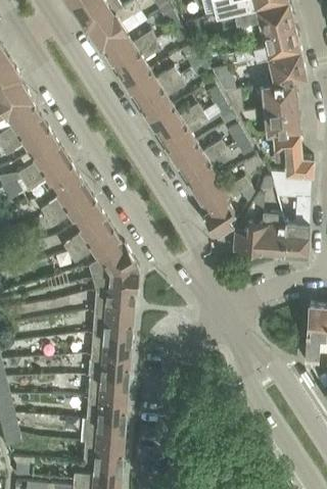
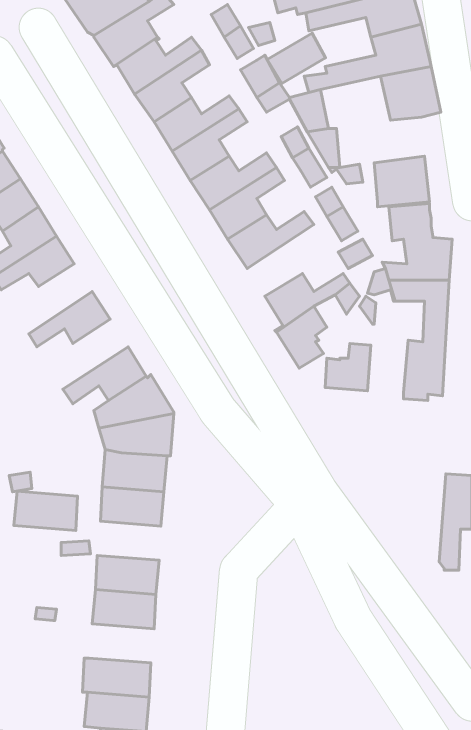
building: none -> [267,33,326,84]
building: [261,80,295,108] -> none
building: [184,147,231,192] -> none
building: [41,172,87,215] -> none
building: [63,206,109,250] -> none
building: [260,213,285,252] -> none
building: [90,333,130,357] -> [14,491,77,530]
building: [85,397,126,422] -> none

